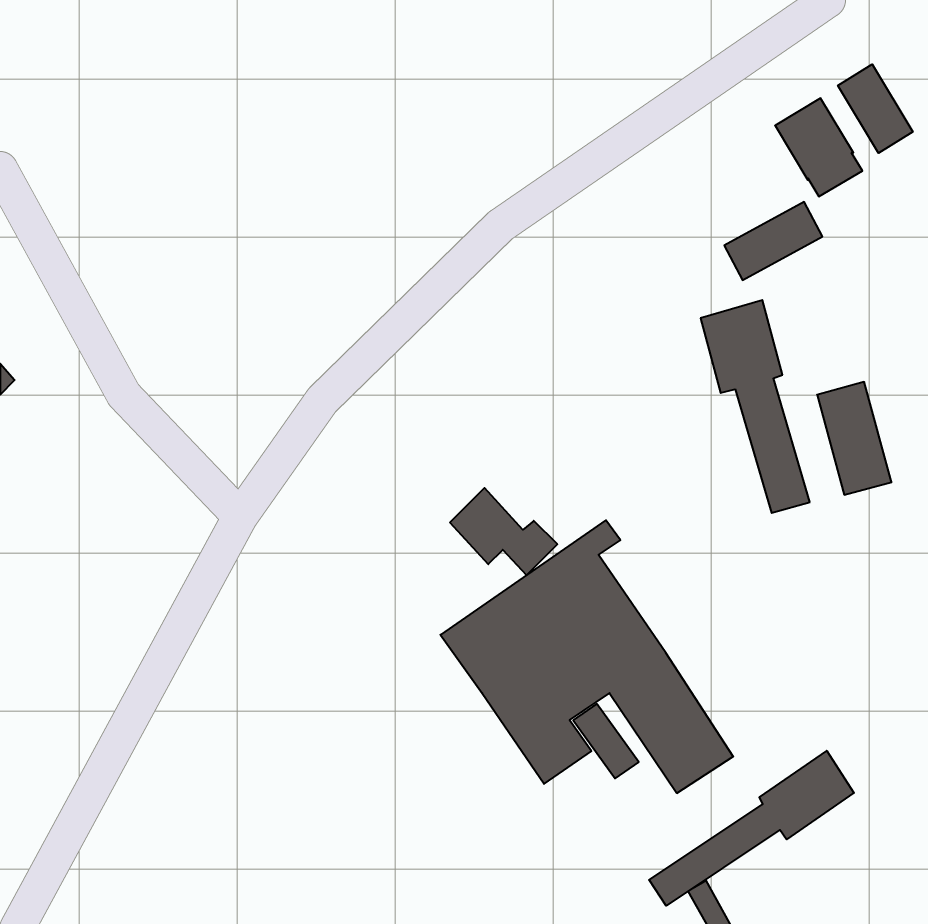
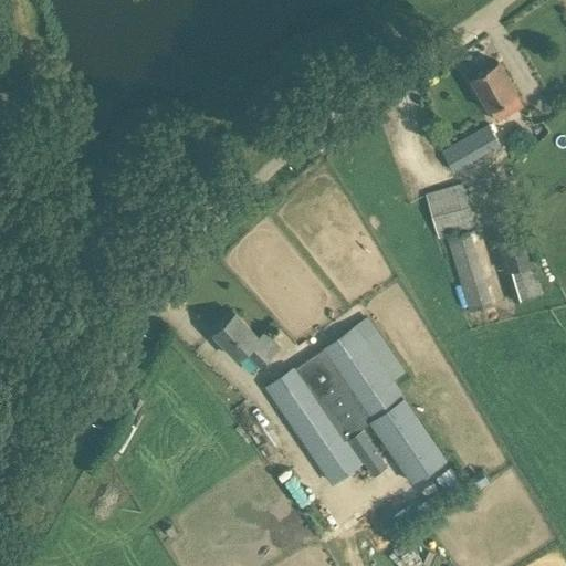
building: [838,64,913,153] -> none
building: [450,488,557,575] -> [216,314,281,367]
building: [649,751,854,906] -> none

